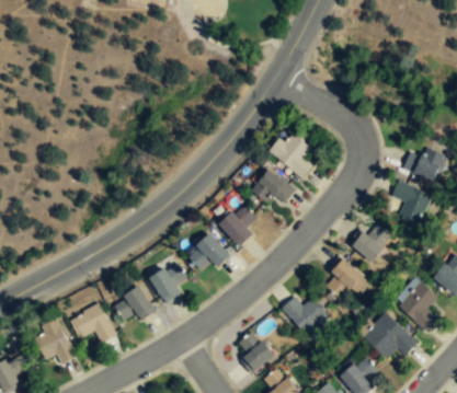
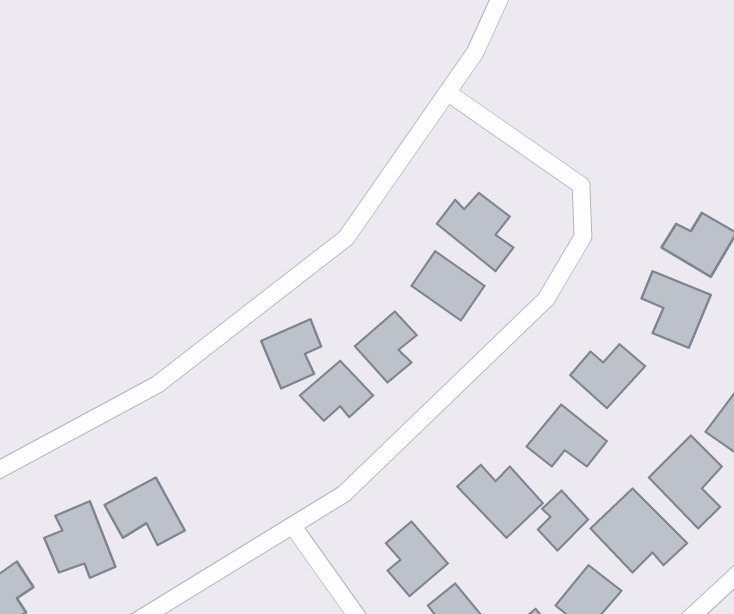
building: [151,262,187,303] -> [261,319,321,388]
building: [113,286,156,320] -> none
building: none -> [538,490,588,551]

